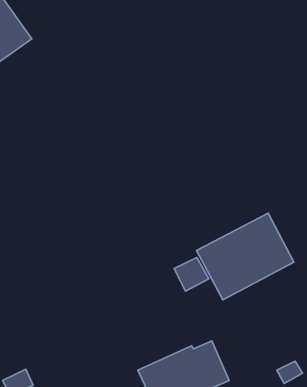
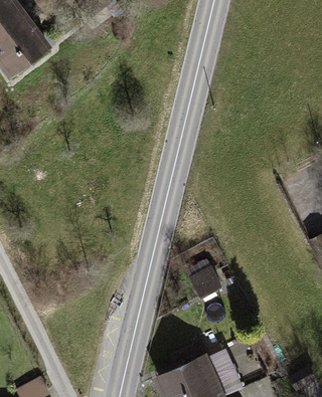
building: [196,213,294,300] -> none

